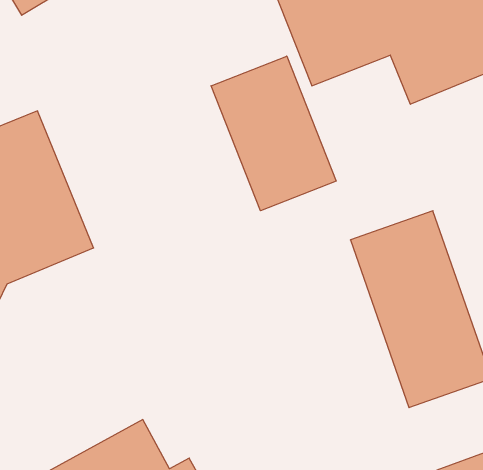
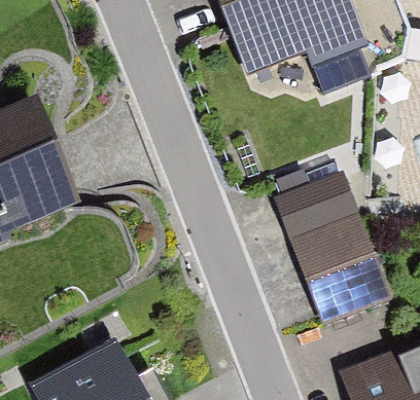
building: [211,56,336,211] -> none

